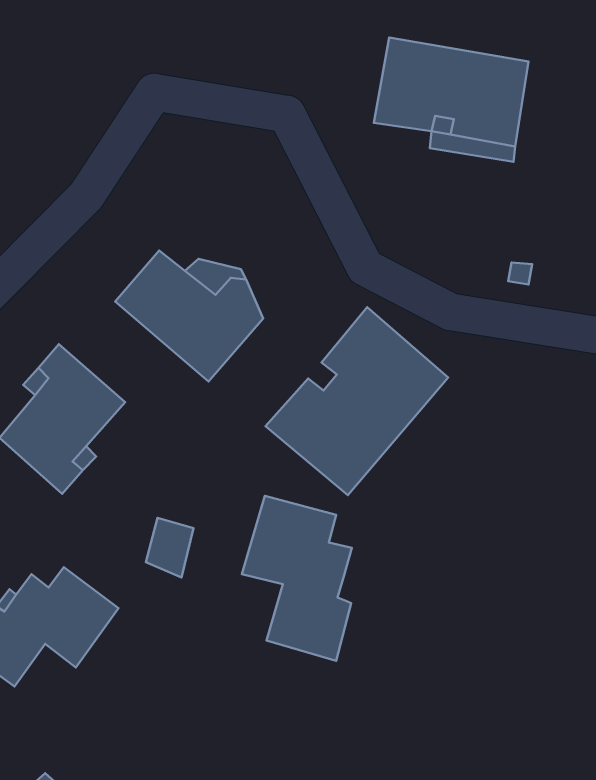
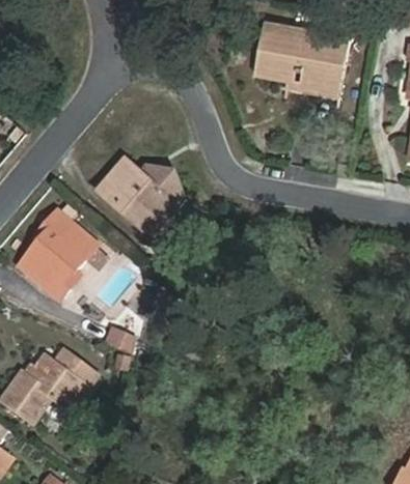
building: [266,307,448,495] -> none
building: [242,496,352,661] -> none

